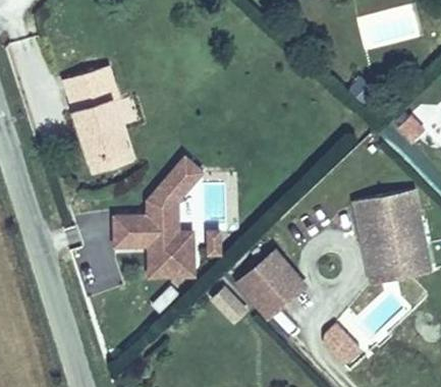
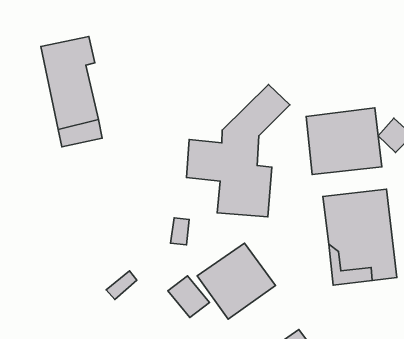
building: none -> [306,108,382,175]
building: [115,154,208,281] -> [186,85,290,217]

